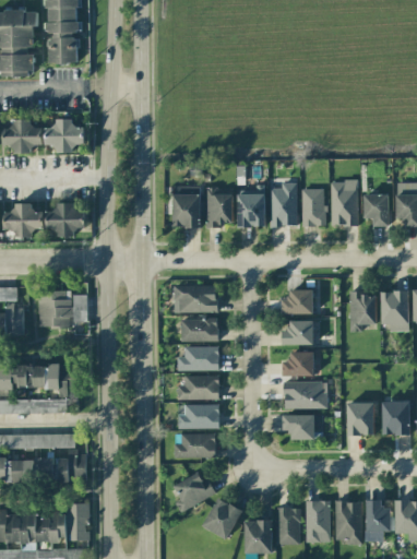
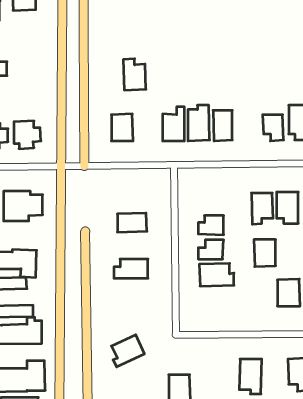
building: [48,119,84,153] -> none
building: [329,180,358,226] -> none
building: [204,187,233,226] -> [123,59,146,90]
building: [172,285,216,313] -> none
building: [282,289,313,314] -> none
building: [177,346,218,371] -> none
building: [346,402,373,436] -> [254,240,276,267]
building: [177,404,218,429] -> none
building: [283,415,321,440] -> none
building: [172,433,215,460] -> none
building: [202,498,241,539] -> none
building: [366,500,391,538] -> none
building: [305,501,330,542] -> none
building: [275,507,299,545] -> none

